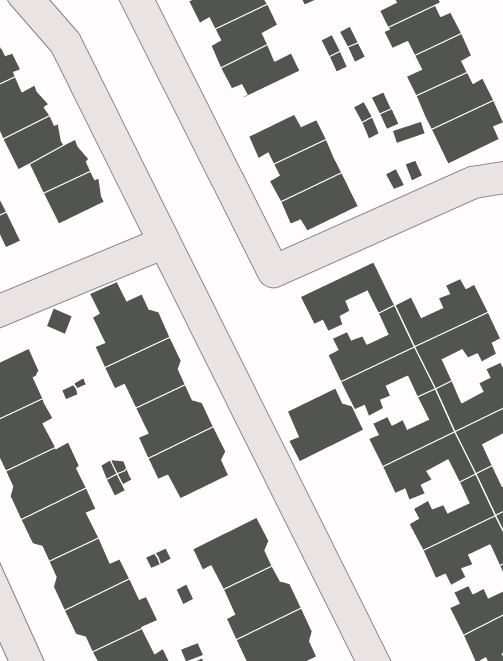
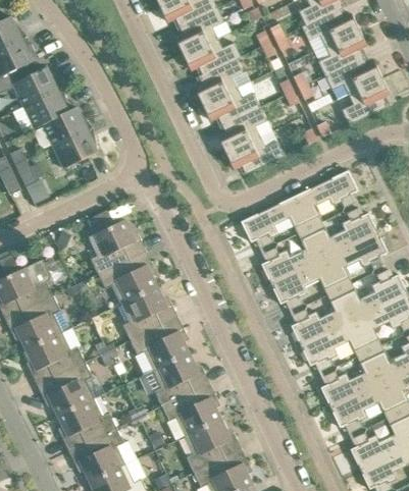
building: none -> [195,57,243,105]
building: none -> [295,170,358,228]
building: [287,388,364,462] -> [153,352,209,406]

